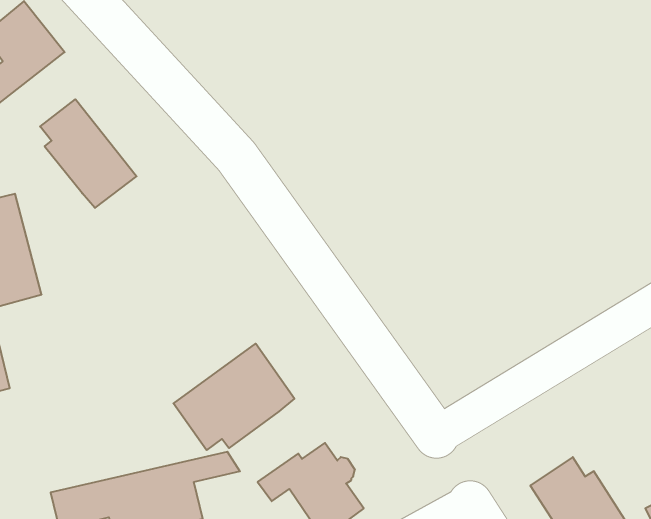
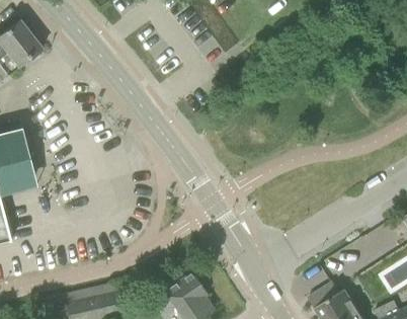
building: [40,99,137,208] -> none
building: [173,344,294,450] -> none

